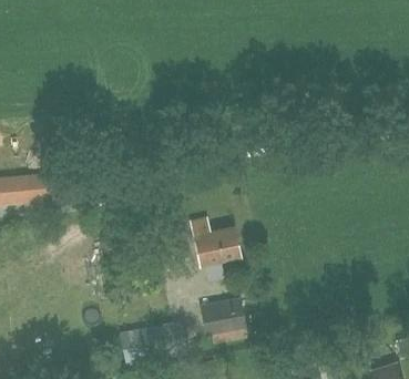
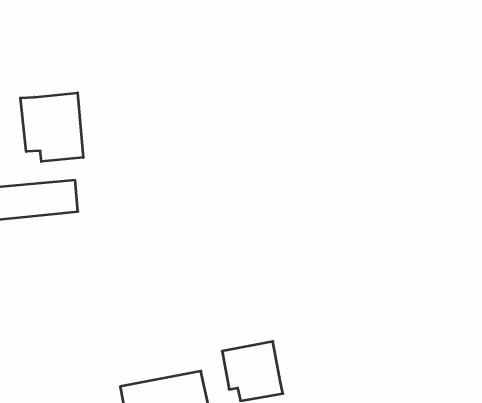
building: none -> [20,93,83,162]
building: [188,216,239,265] -> none

